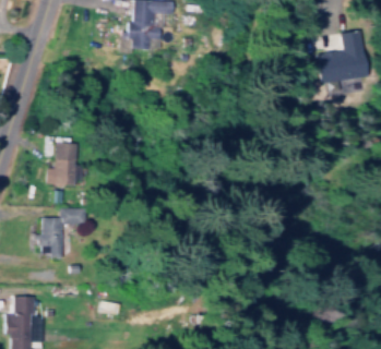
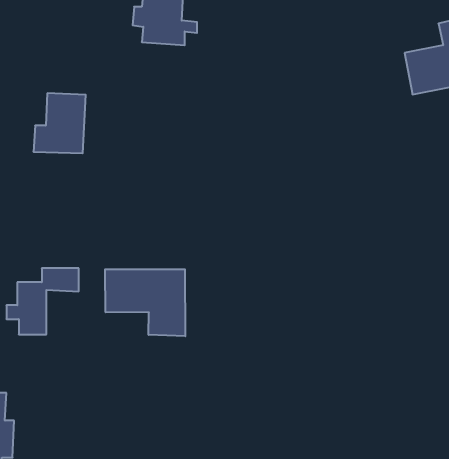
building: [45,143,82,185] -> [33,93,86,153]
building: none -> [105,269,185,336]

